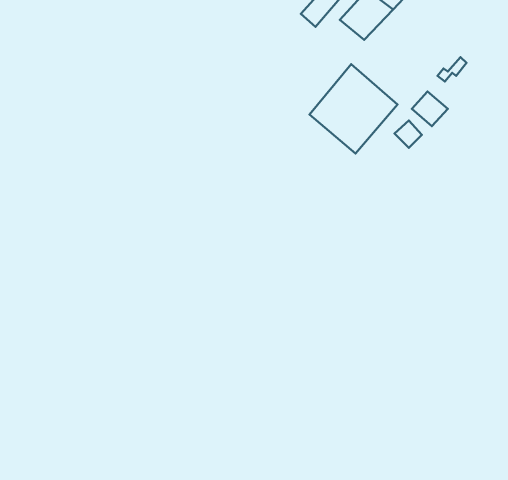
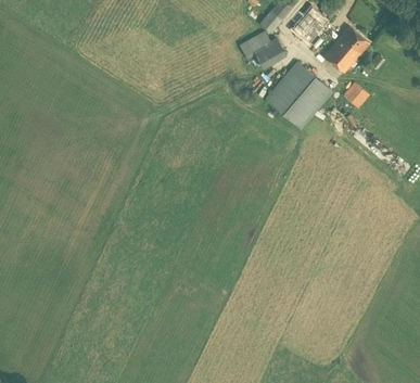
building: none -> [323,27,368,73]
building: none -> [238,30,287,69]

